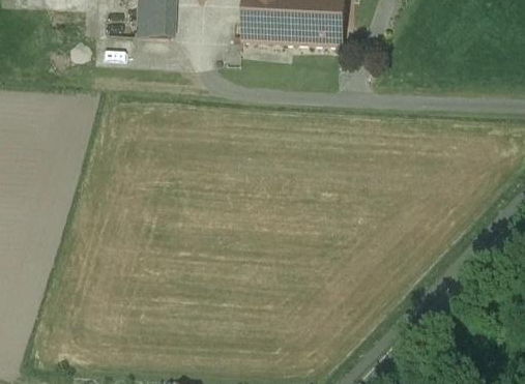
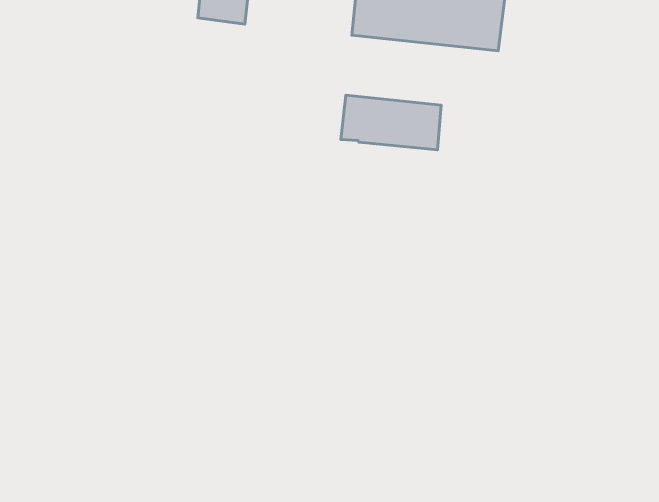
building: none -> [341,95,441,150]

